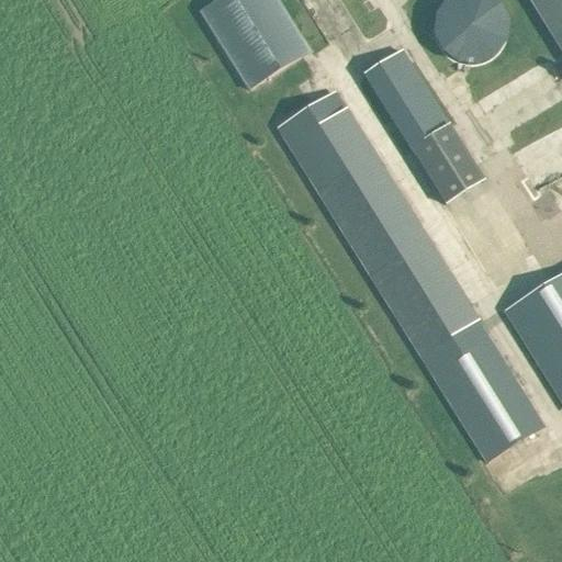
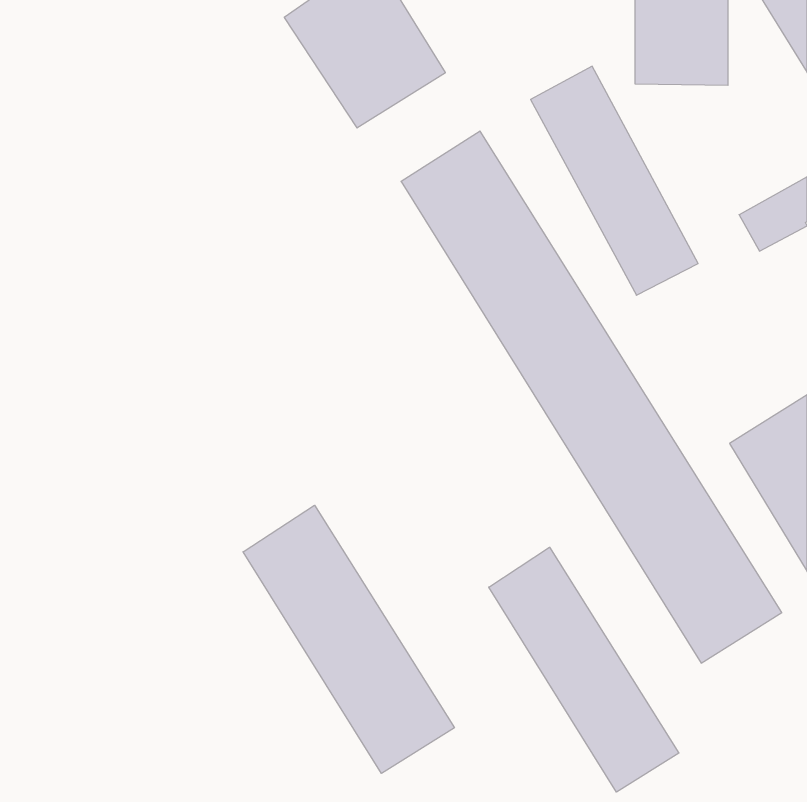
building: none -> [243,505,454,773]
building: none -> [489,547,679,792]

